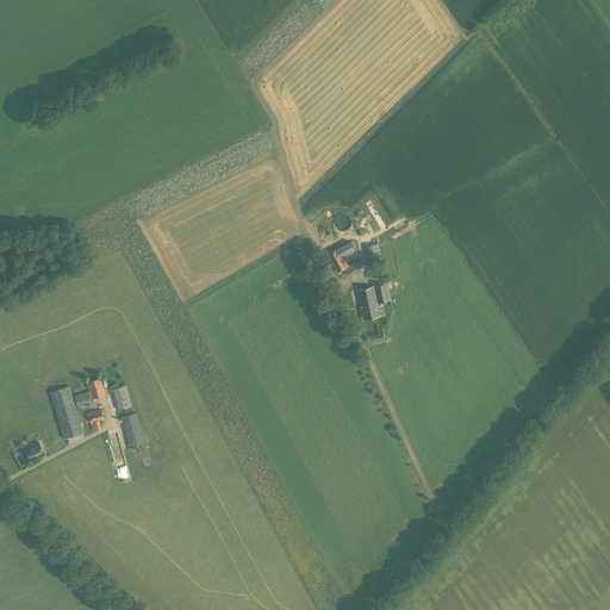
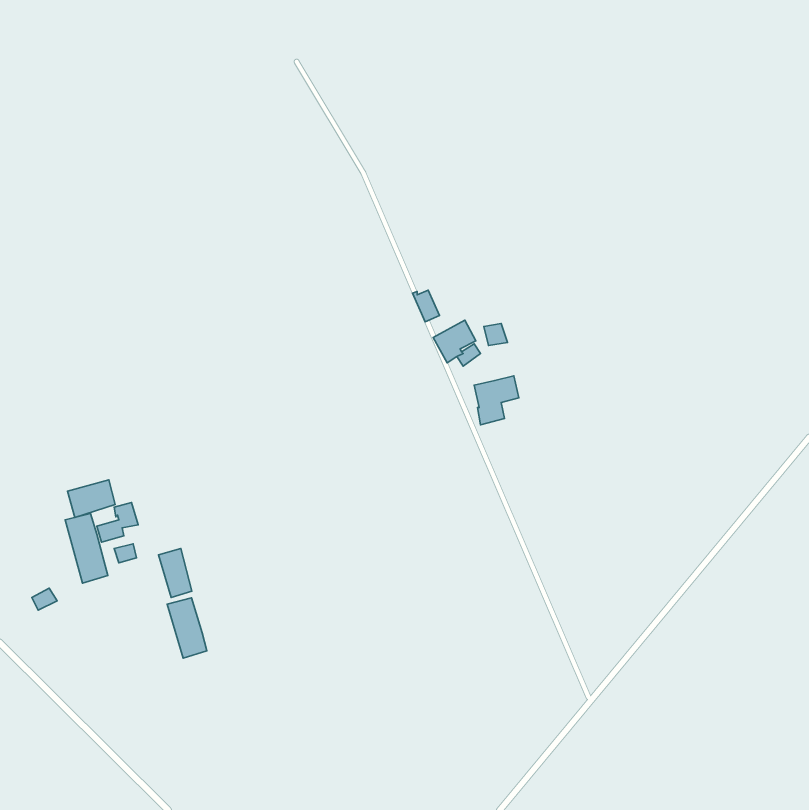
building: none -> [67,480,115,517]
building: none -> [167,598,207,658]

